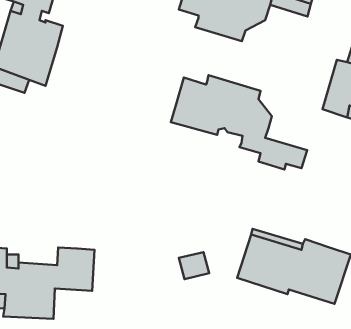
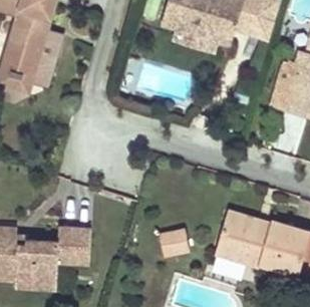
building: [171,75,307,169] -> none

